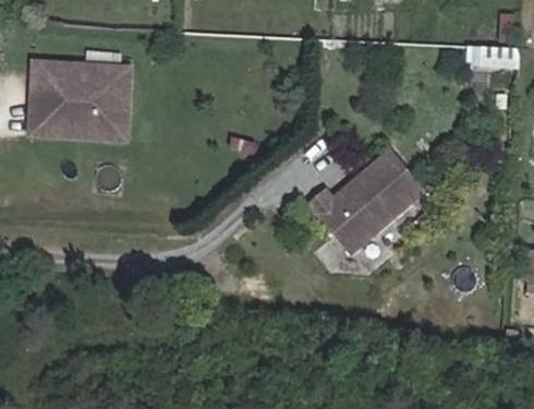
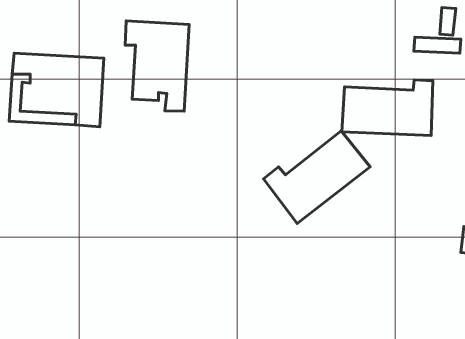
building: none -> [125,21,189,111]
building: none -> [342,80,433,136]

